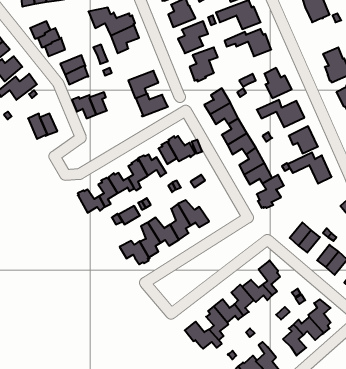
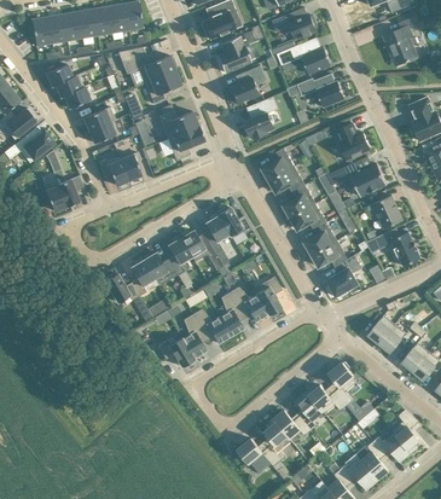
building: [136,94,168,116] -> [158,110,198,138]
building: none -> [255,275,280,315]
building: none -> [340,459,376,488]

